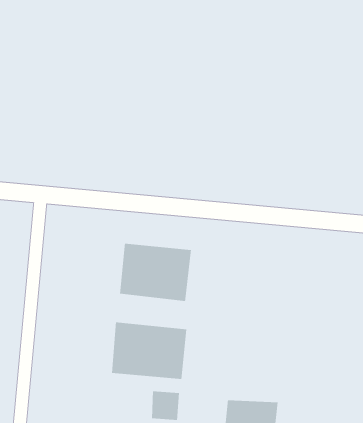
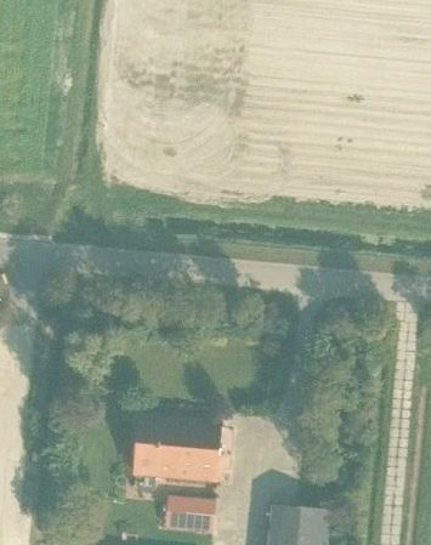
building: [119,243,192,302] -> none

